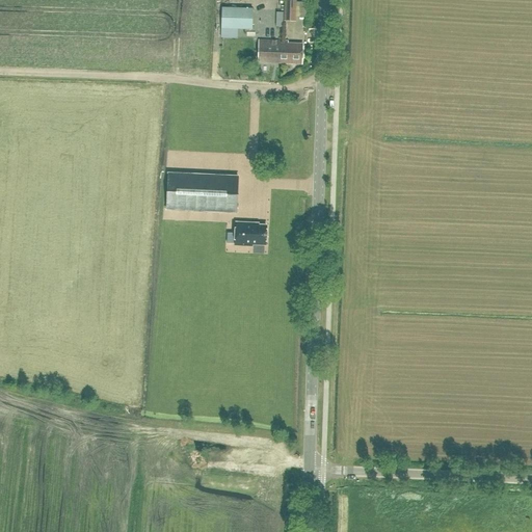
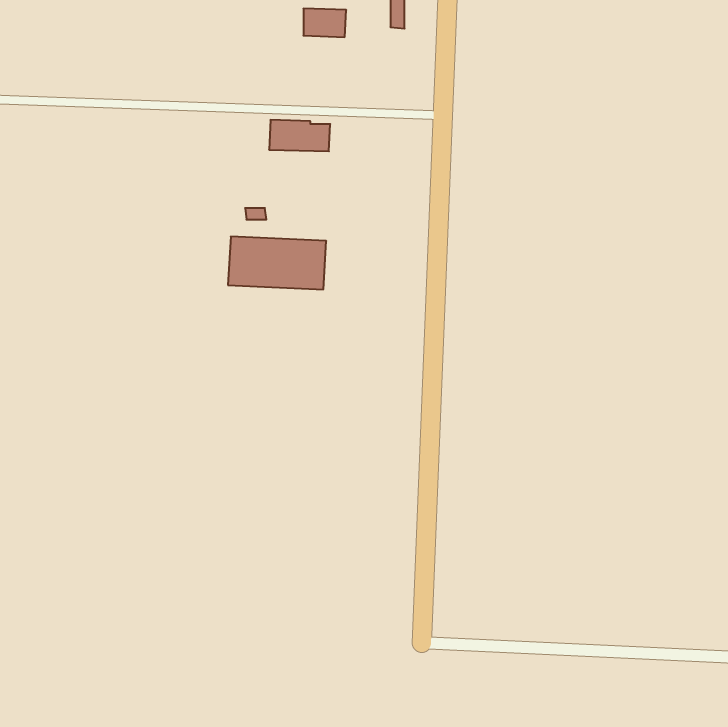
building: [258,39,302,62] -> [269,120,330,151]
building: [235,221,266,245] -> none

